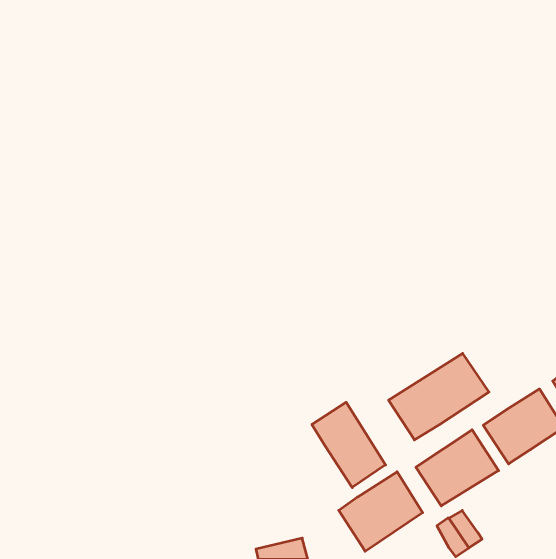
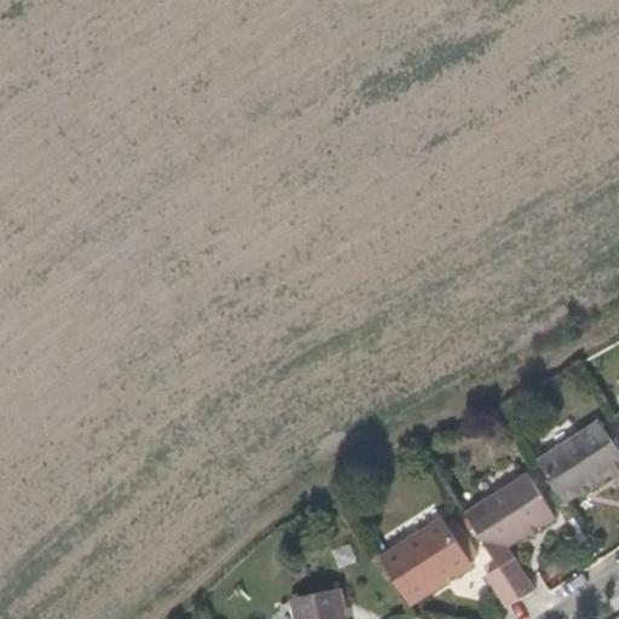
building: [389,353,489,440] -> none
building: [312,402,386,488] -> none

